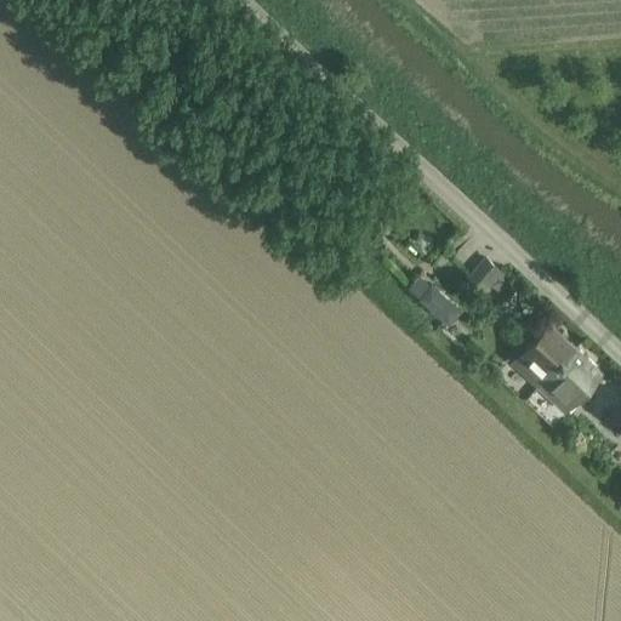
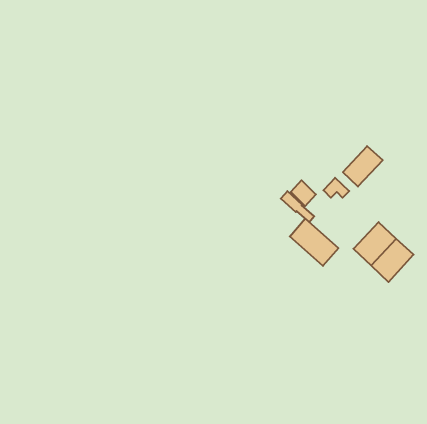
building: none -> [343,146,383,187]
building: none -> [290,219,338,266]

